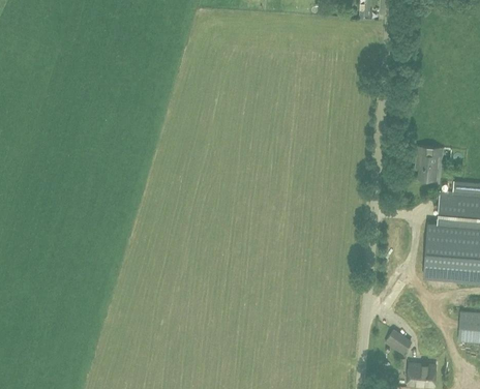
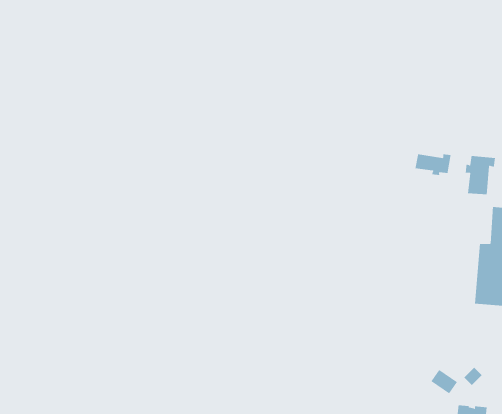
building: none -> [415,153,451,176]

